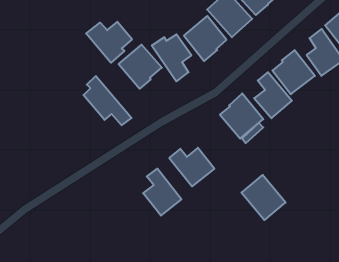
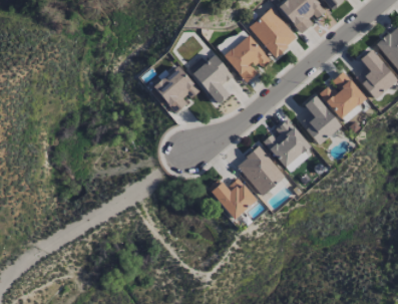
building: [86,22,132,63] -> none
building: [83,76,132,125] -> none
building: [143,169,181,216] -> none
building: [241,175,286,220] -> [237,146,285,196]

